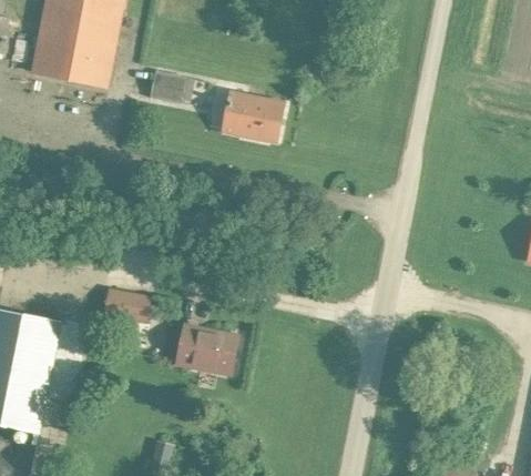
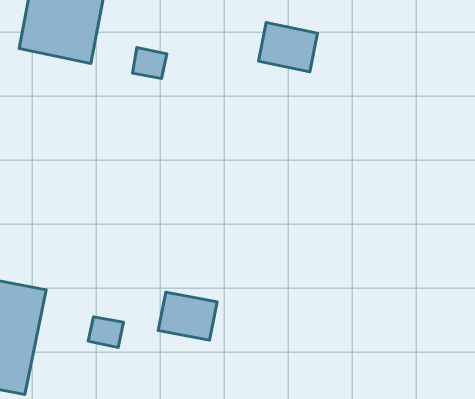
building: [222,91,283,142] -> [259,23,317,72]
building: [108,288,144,321] -> [88,317,124,348]

